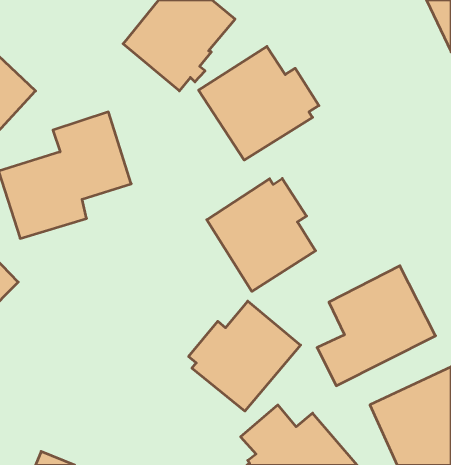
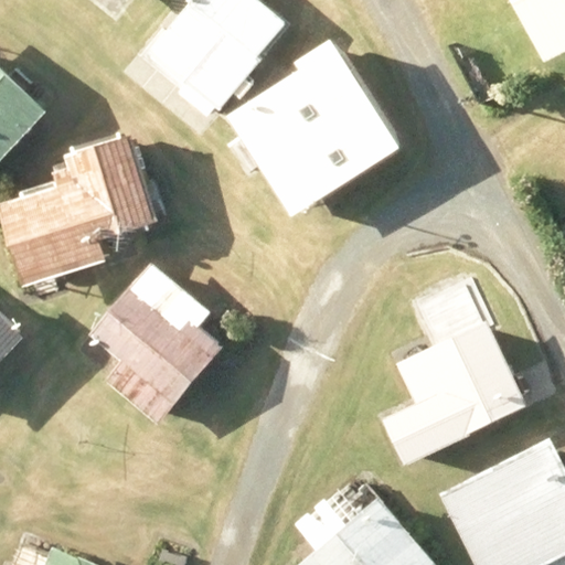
building: [207,178,316,291] -> none
building: none -> [86,260,217,424]
building: [189,301,301,411] -> none

